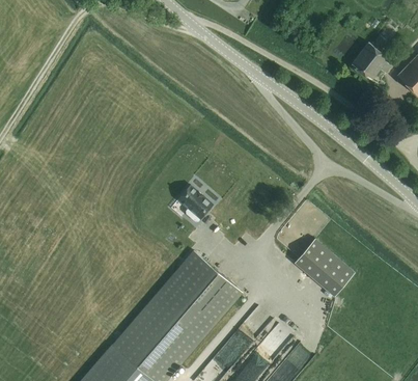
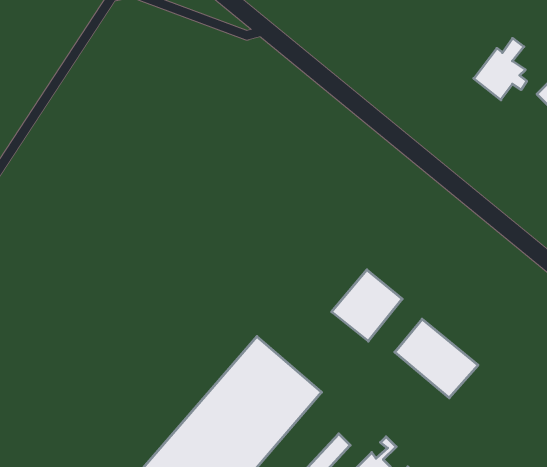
building: [176,184,212,220] -> none
building: none -> [332,270,402,341]

